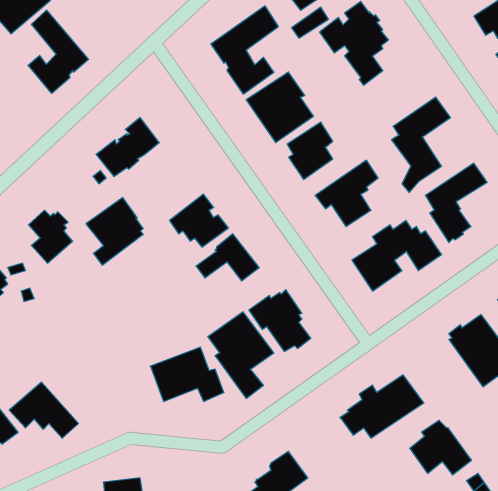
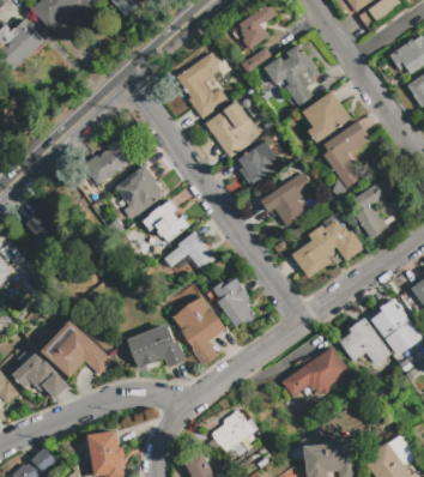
building: [28,10,88,93] -> none
building: none -> [302,90,351,140]
building: [86,197,143,265] -> [115,165,162,221]
building: none -> [41,320,111,378]
building: [410,420,472,475] -> [338,319,388,363]

